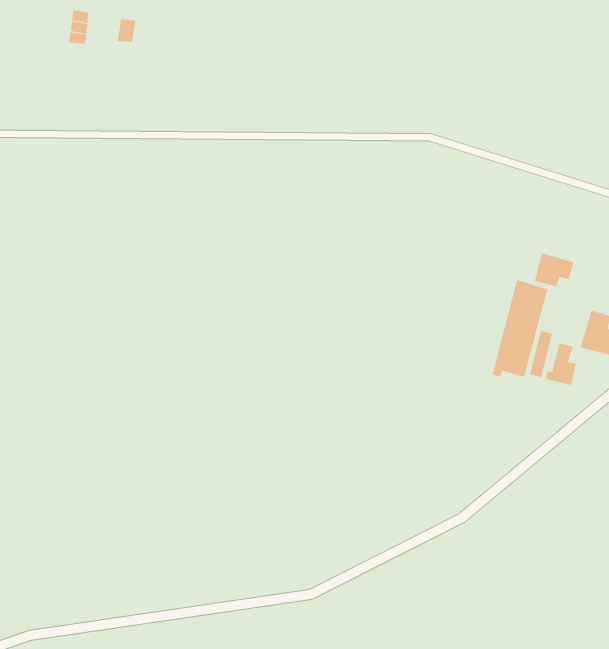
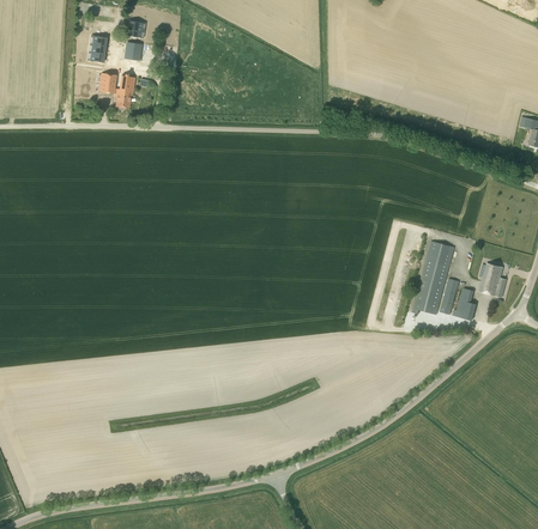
building: none -> [98,72,134,107]
building: [534,253,574,287] -> none

